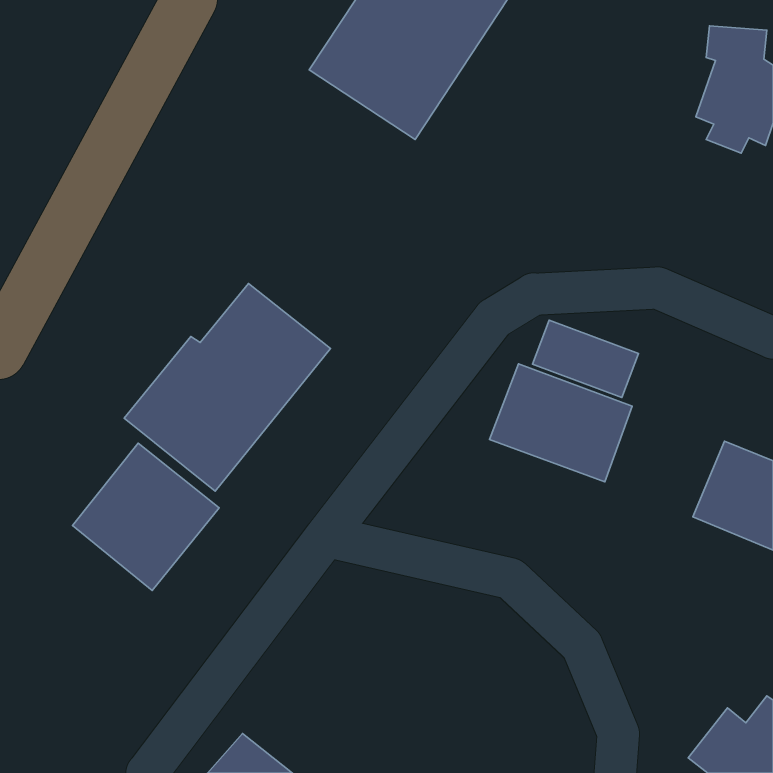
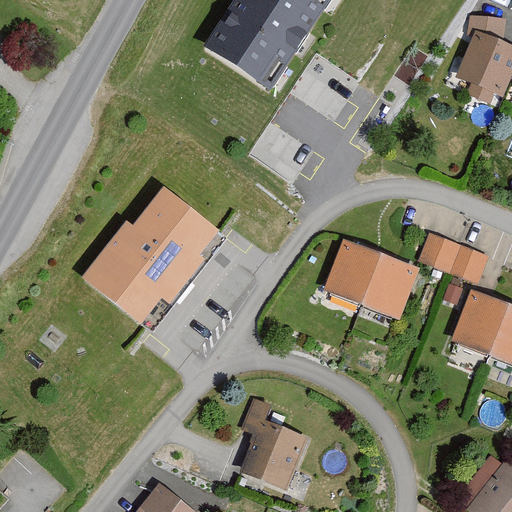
building: [532,320,639,397] -> [419,233,489,284]
building: [73,443,219,591] -> none
building: none -> [240,400,308,489]

